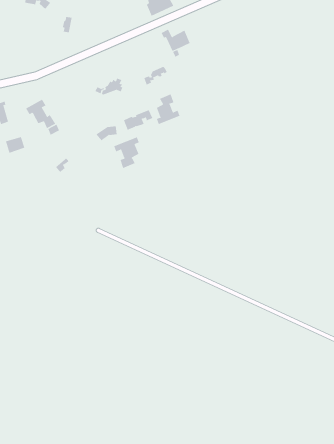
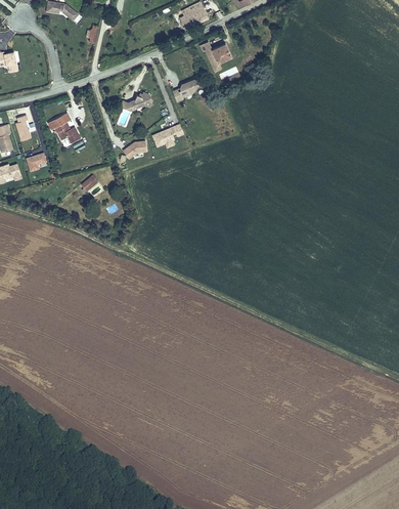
building: [156,94,180,125] -> none
building: [113,137,139,169] -> none

